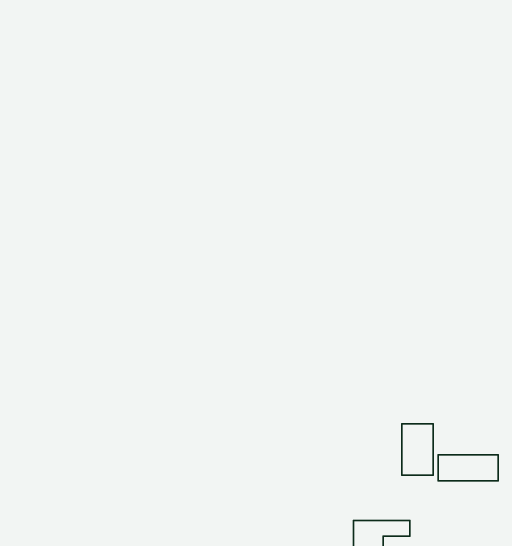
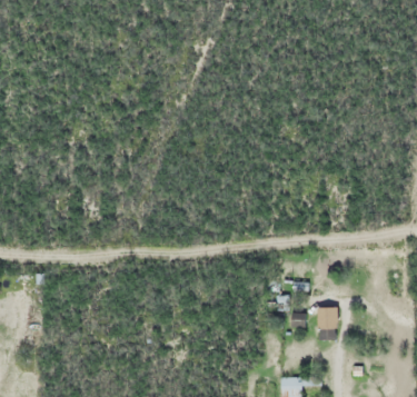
building: [438,455,498,481] -> none

